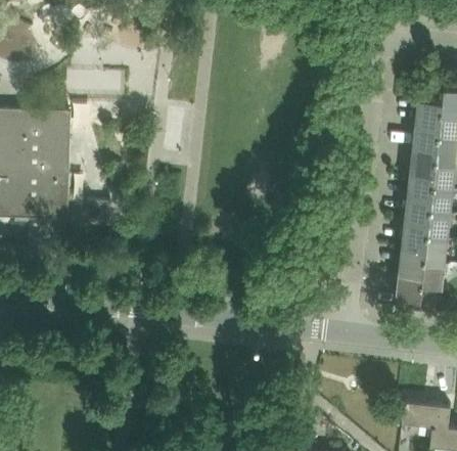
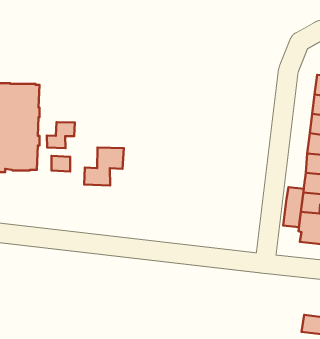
building: none -> [47,122,75,148]
building: none -> [84,147,124,185]
building: none -> [283,187,304,227]

